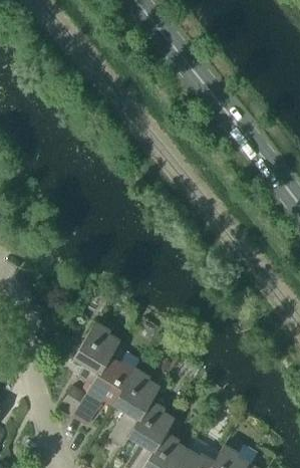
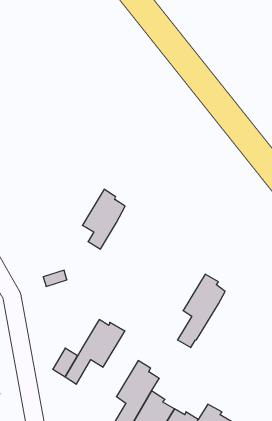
building: [74,320,119,384] -> [82,189,125,249]
building: [108,368,159,445] -> [177,274,225,348]

